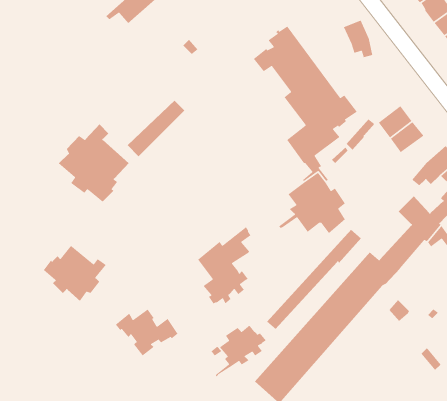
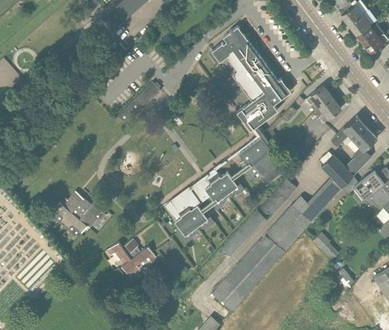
building: [343,20,373,58] -> none
building: [58,124,129,203] -> none
building: [215,324,267,378] -> [201,172,240,212]

